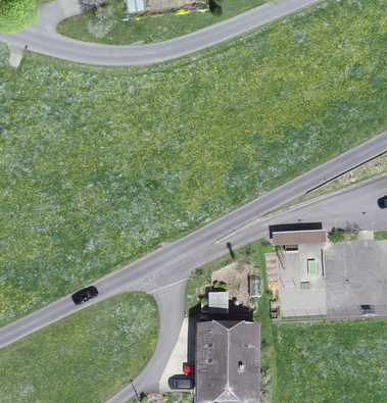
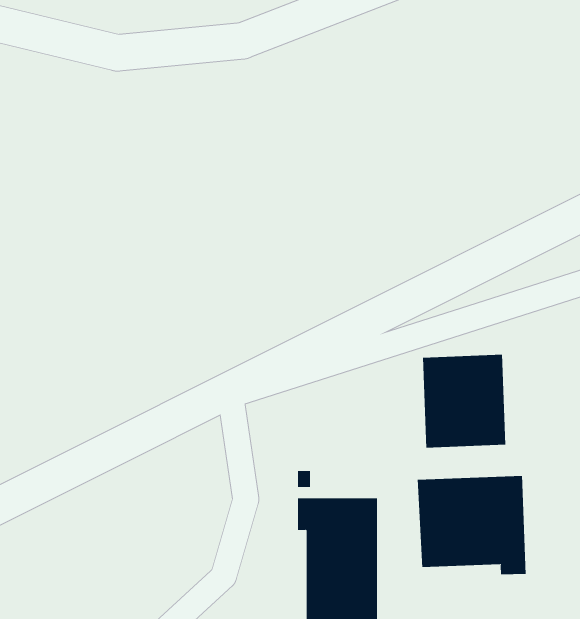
building: none -> [417,475,526,575]

